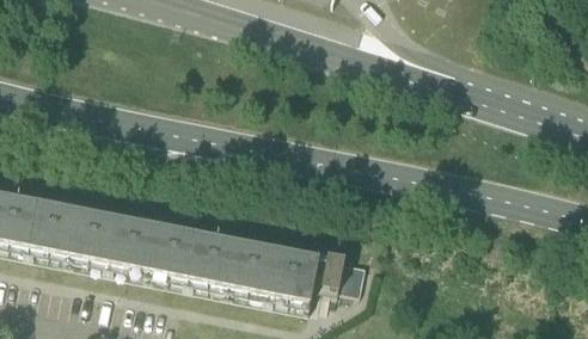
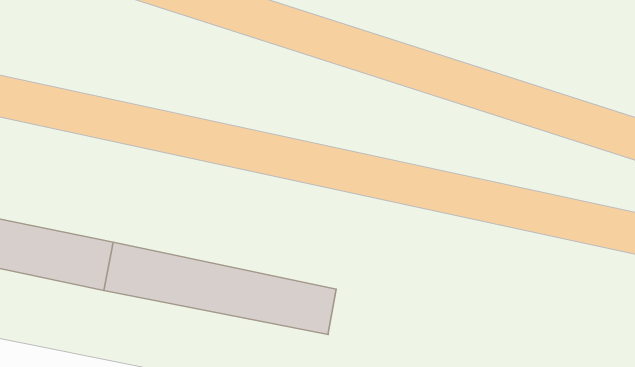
building: [324,251,365,291] -> none

